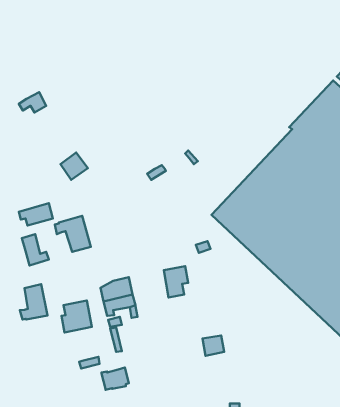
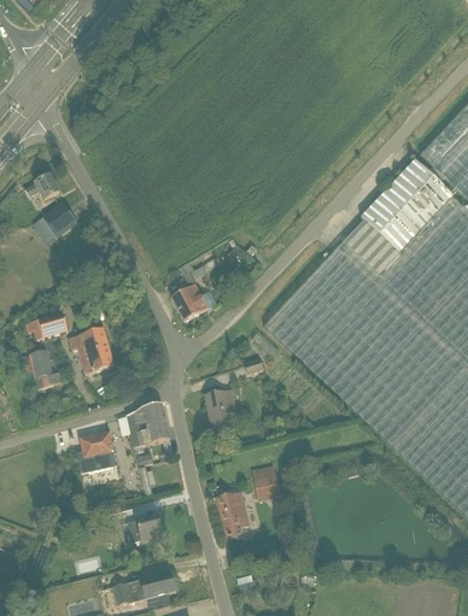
building: [61,153,88,180] -> [43,201,77,235]
building: none -> [171,283,216,321]
building: [20,284,48,320] -> none
building: none -> [217,492,248,539]

